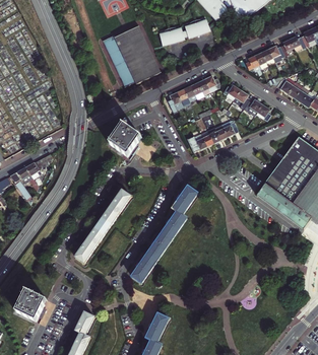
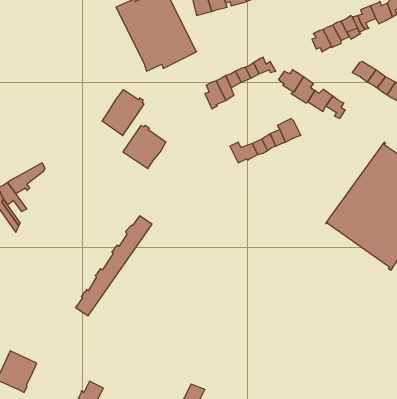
building: none -> [102,90,144,136]
building: [132,186,197,282] -> none

